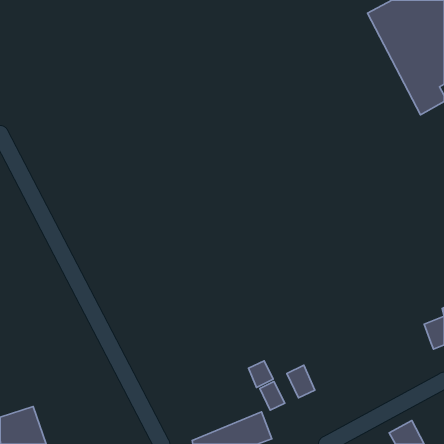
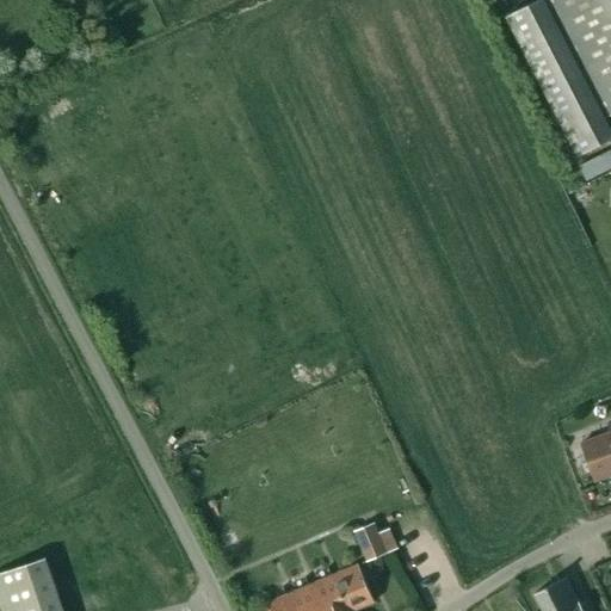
building: [248,361,273,387] -> none
building: [287,365,315,398] -> none

